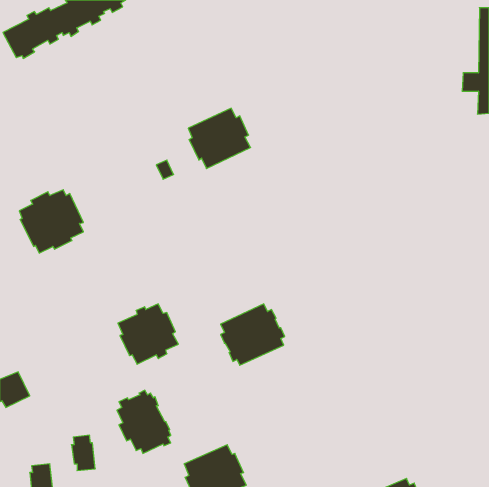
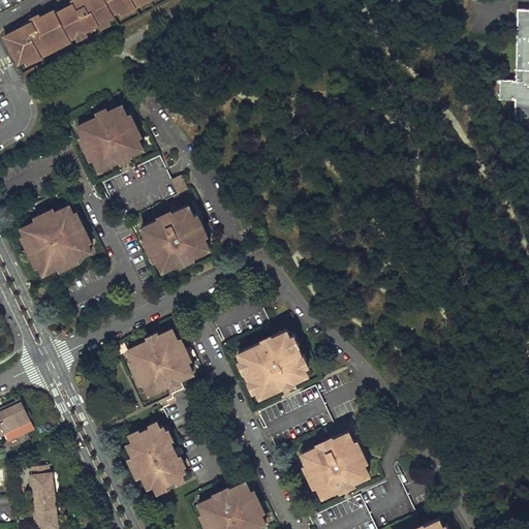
building: none -> [75,106,142,172]
building: [188,108,251,169] -> [141,207,208,272]
building: none -> [301,432,368,497]
building: [71,435,95,471] -> [28,467,54,505]

